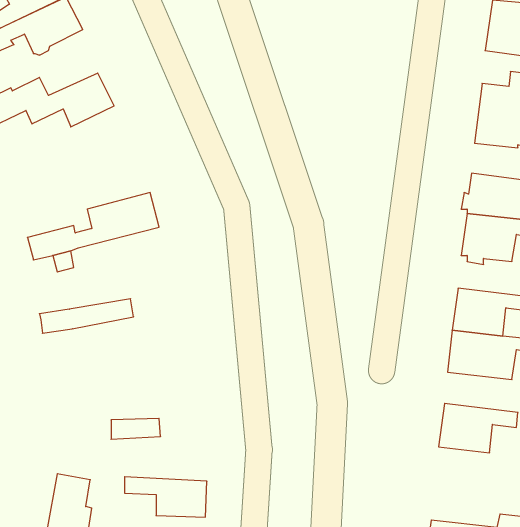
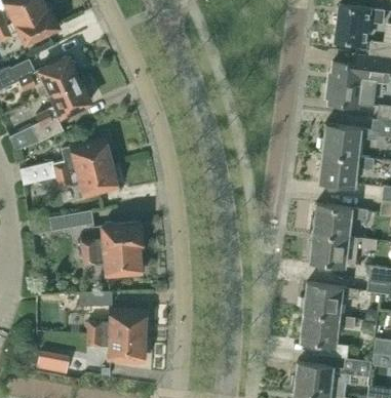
building: none -> [10,78,91,150]
building: none -> [56,161,118,195]
building: none -> [79,223,143,278]
building: none -> [88,309,146,335]
building: none -> [301,312,355,358]

